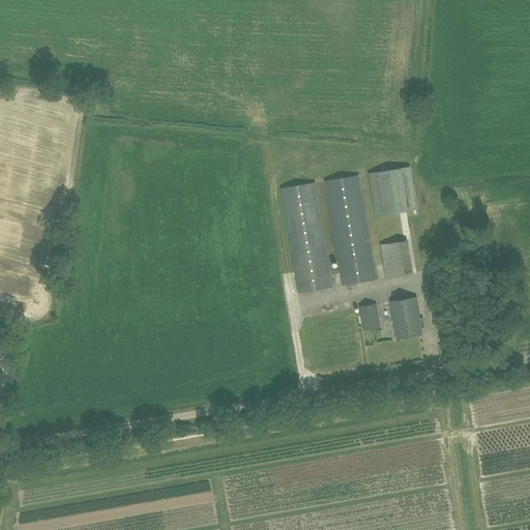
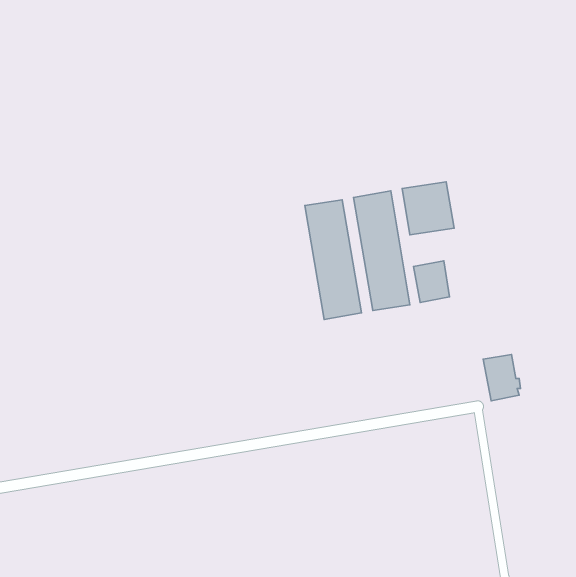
building: [389,297,423,340] -> [483,355,520,401]
building: [358,303,380,331] -> none

